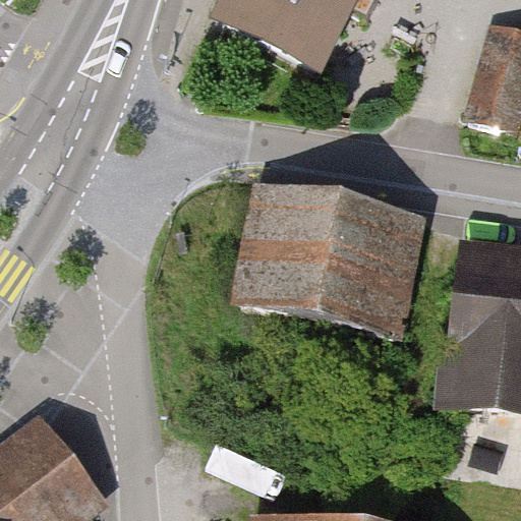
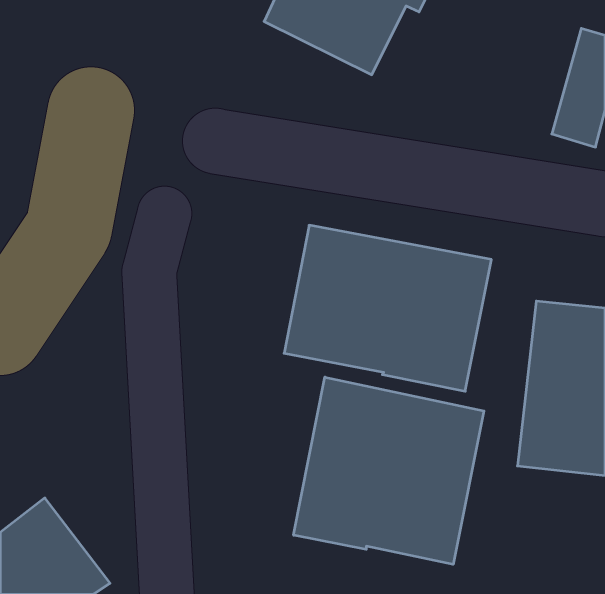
building: none -> [294,377,484,564]

